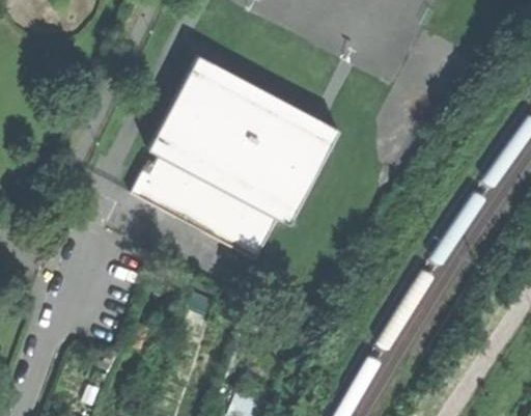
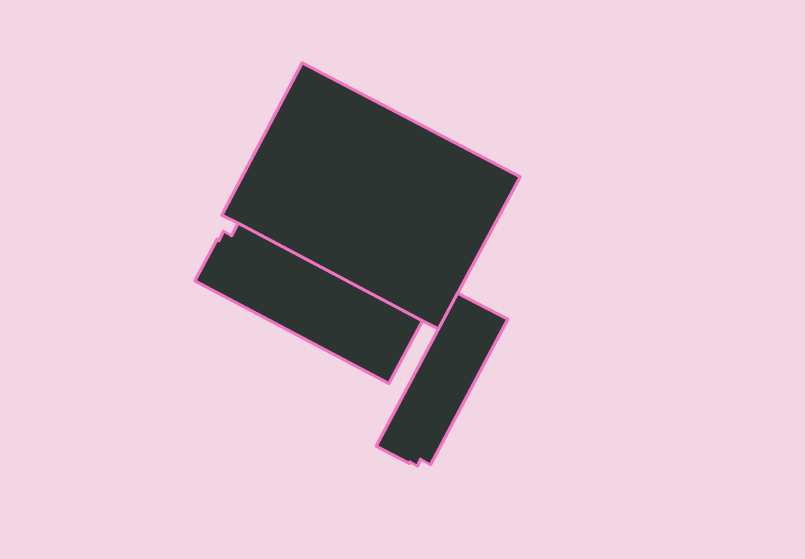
building: none -> [376,293,508,466]

